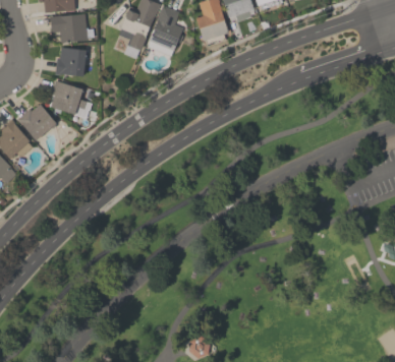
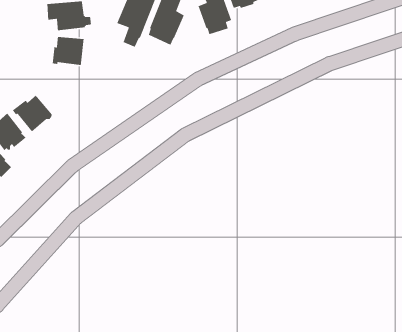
building: [48,79,92,117] -> none

